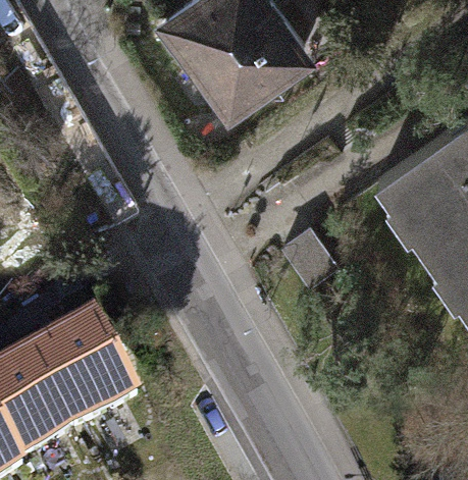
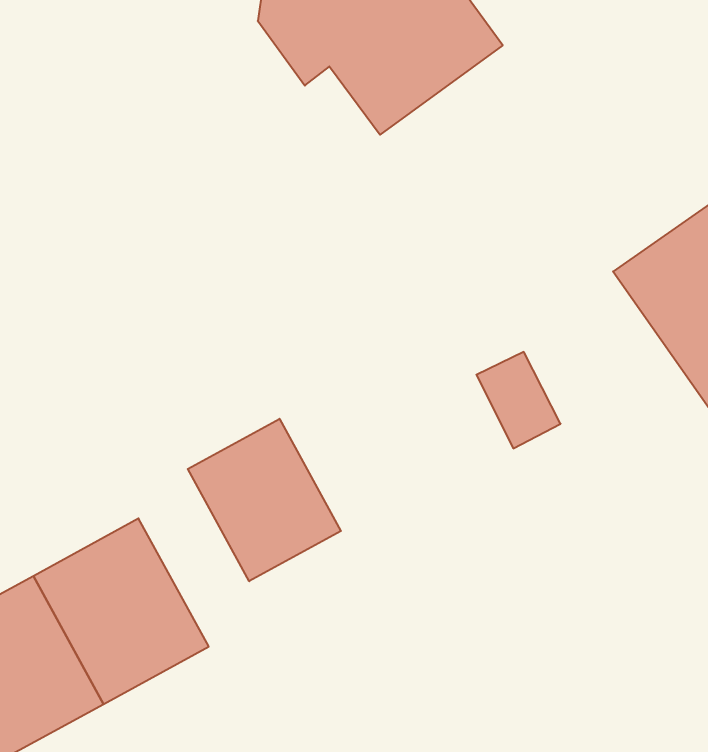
building: none -> [188,419,341,581]

